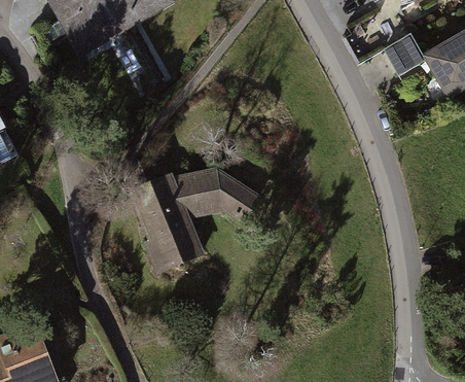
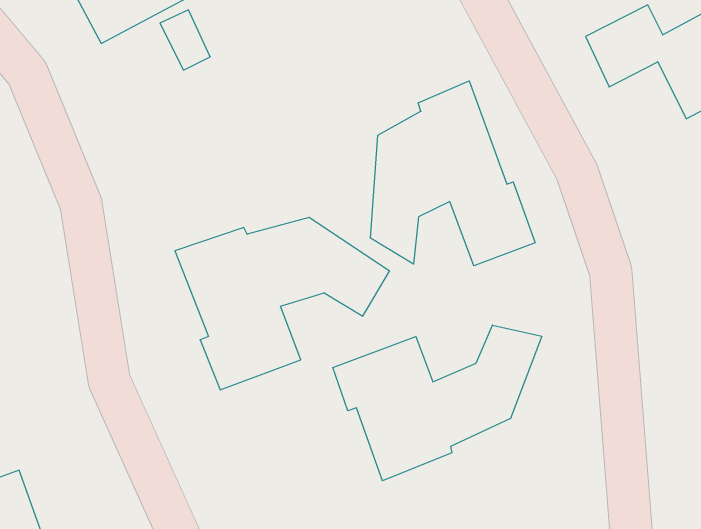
building: none -> [370,81,535,266]
building: none -> [333,325,542,481]

